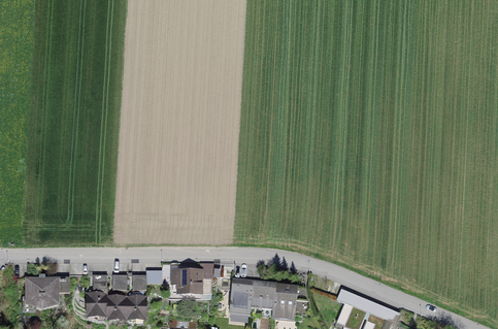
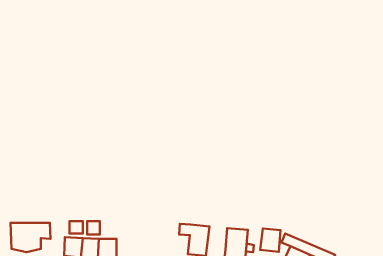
building: [168,263,211,294] -> none
building: [129,270,162,290] -> none
building: [250,281,273,307] -> [260,229,281,252]

